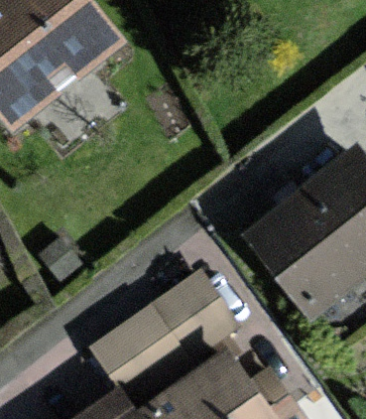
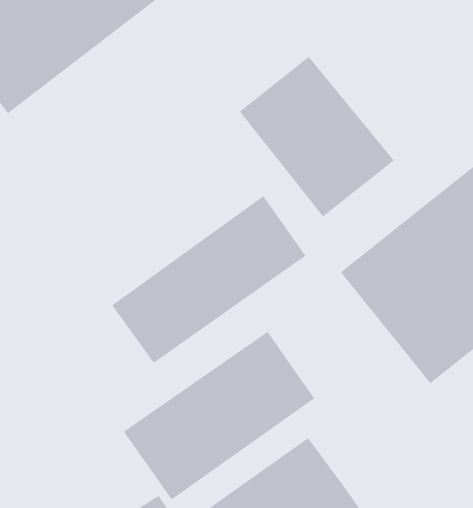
building: none -> [239,56,395,218]
building: none -> [111,195,306,364]

